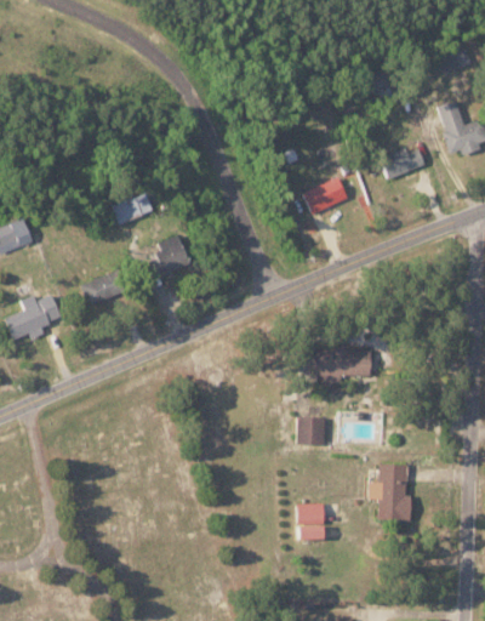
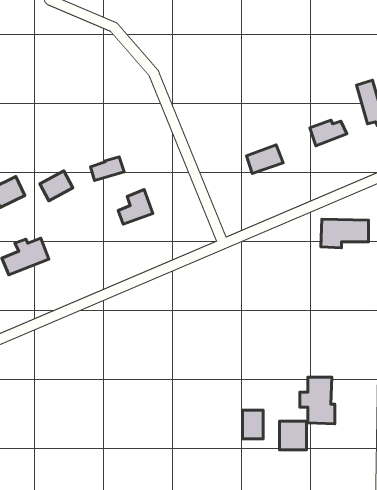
building: [81,270,121,307] -> [40,171,73,201]
building: [313,347,371,382] -> [321,219,368,248]
building: [297,416,325,444] -> none
building: none -> [280,421,306,450]

